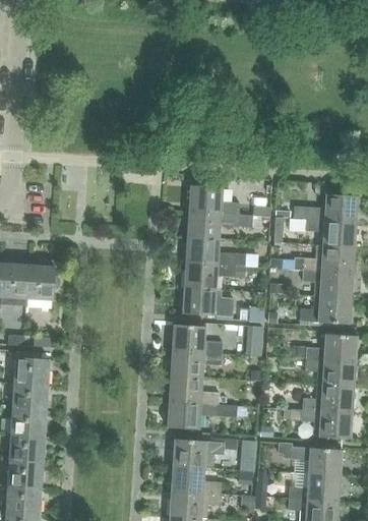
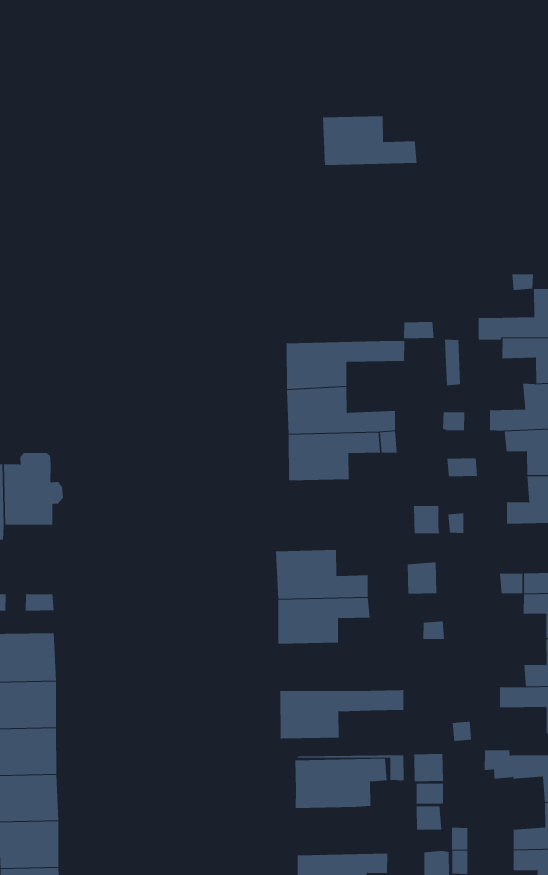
building: [188,185,239,215] -> [322,116,417,165]
building: [182,287,234,316] -> none
building: [169,375,220,405] -> none
building: [171,466,222,495] -> none

